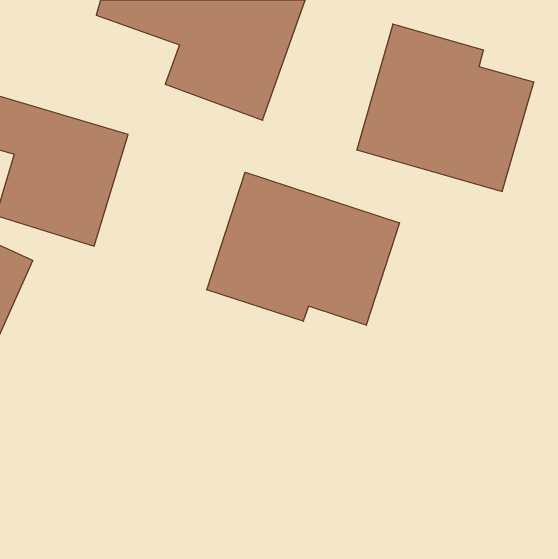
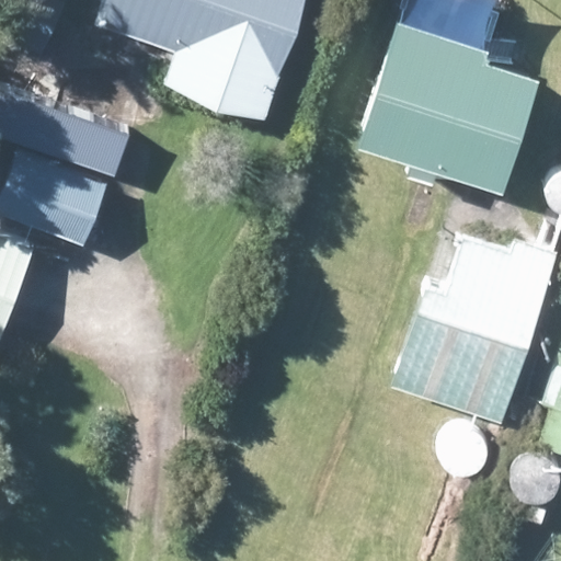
building: [207,172,399,325] -> none
building: none -> [407,232,552,417]

